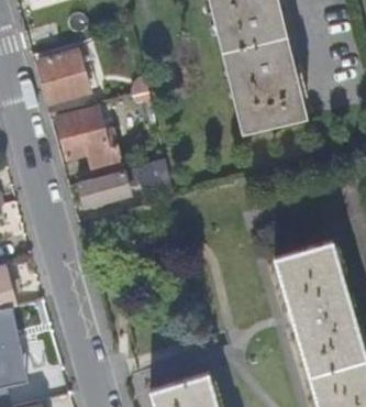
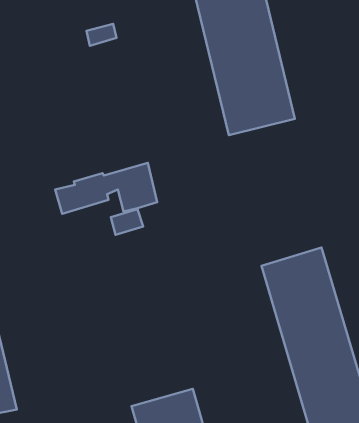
building: [36,48,90,101] -> none
building: [56,99,122,175] -> none

